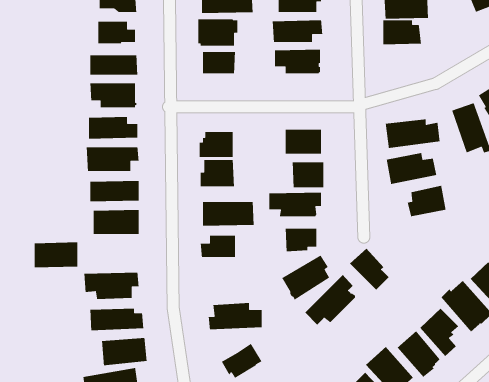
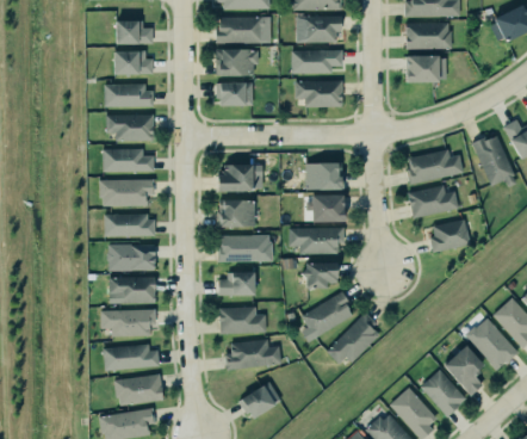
building: [34,242,78,268] -> [110,277,155,304]
building: [349,248,390,291] -> none
building: none -> [219,308,267,334]

